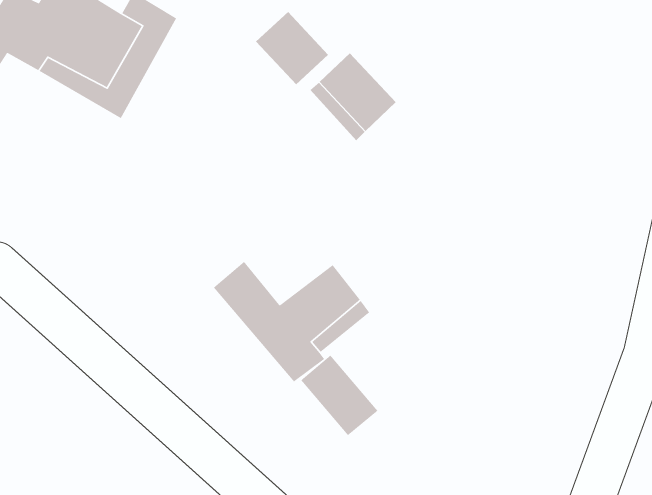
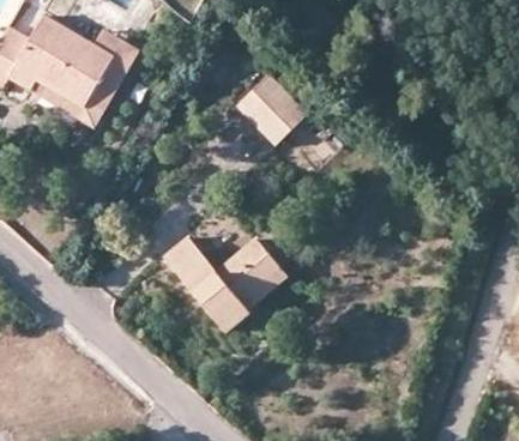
building: [255,11,329,85] -> none
building: [300,354,378,436] -> none

